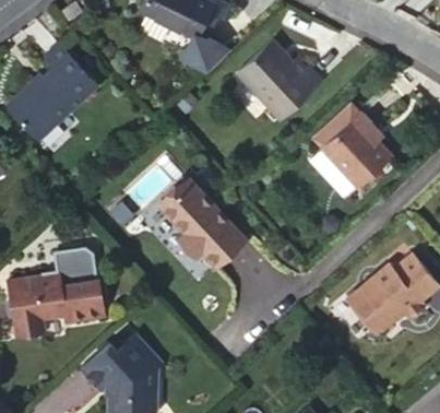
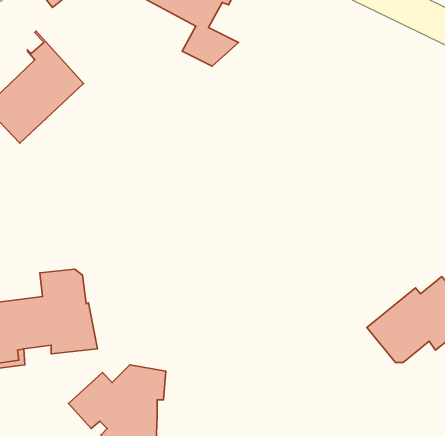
building: [237,39,321,117] -> none
building: [309,104,390,197] -> none
building: [158,178,243,266] -> none

